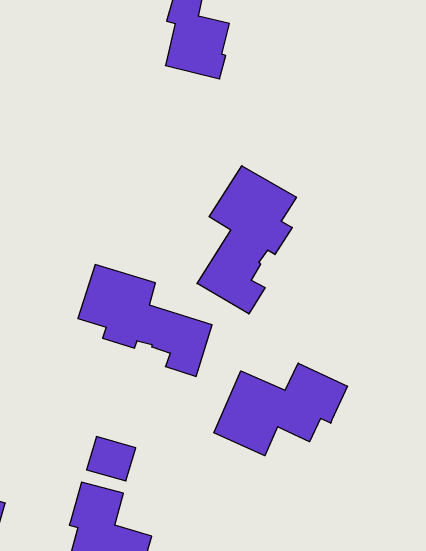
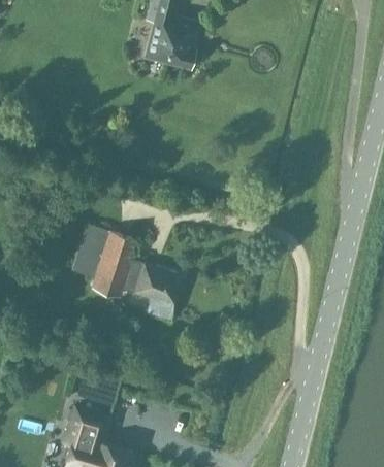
building: [197,166,296,314] -> none
building: [214,363,347,456] -> none

